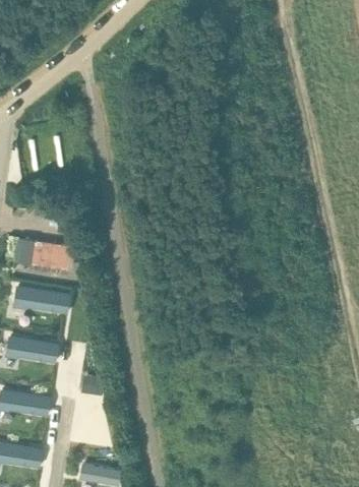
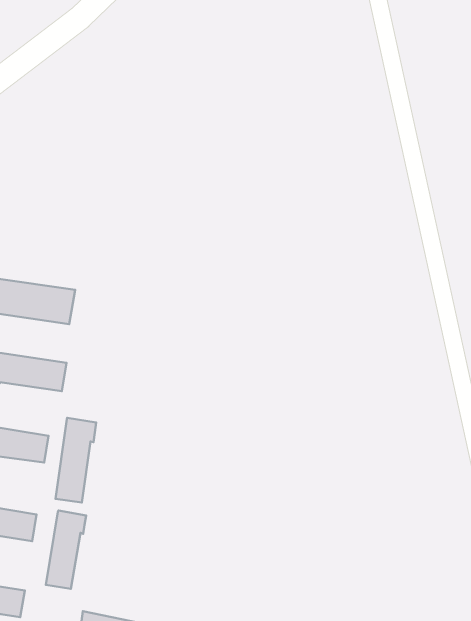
building: none -> [55,418,96,502]
building: none -> [46,511,86,589]

